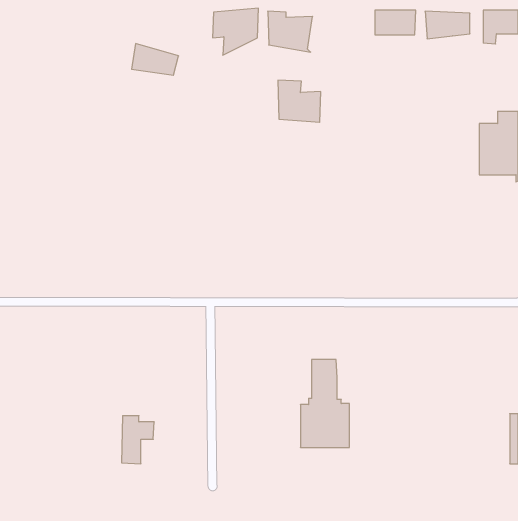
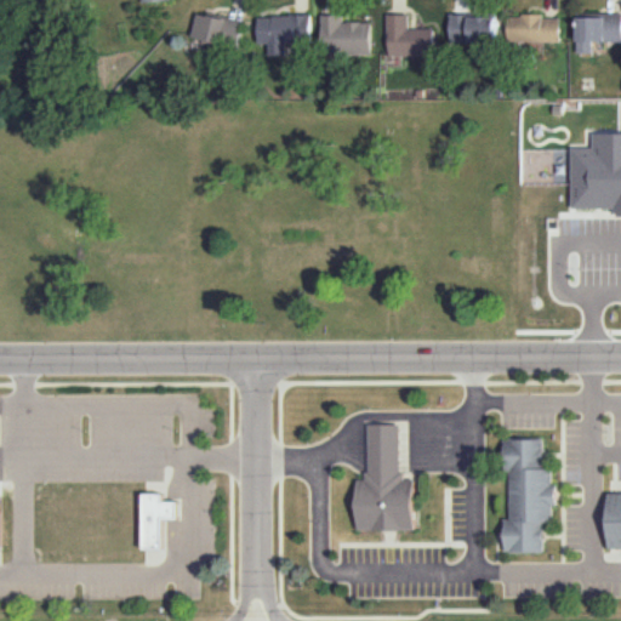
building: [132,44,179,75] -> [186,10,241,47]
building: [278,80,321,122] -> [380,13,431,63]
building: none -> [502,441,557,553]

